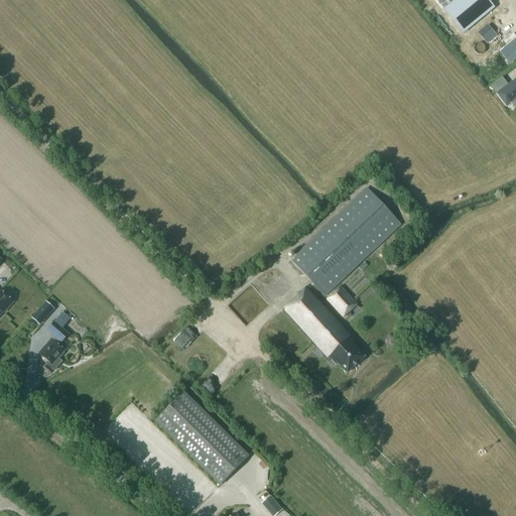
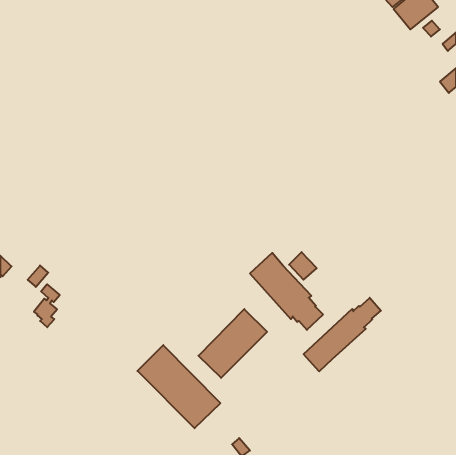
building: [290,186,401,294] -> none
building: none -> [304,298,381,371]
building: none -> [198,309,267,378]

